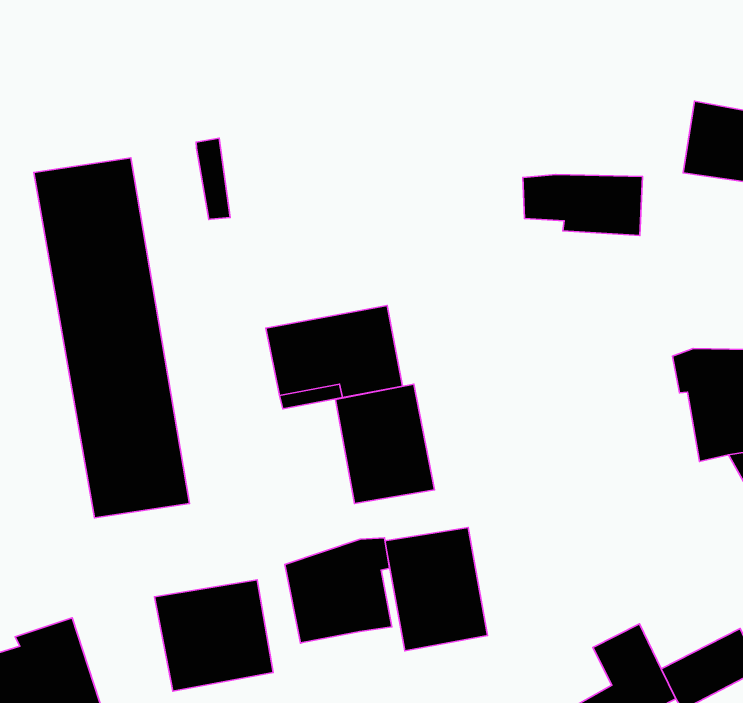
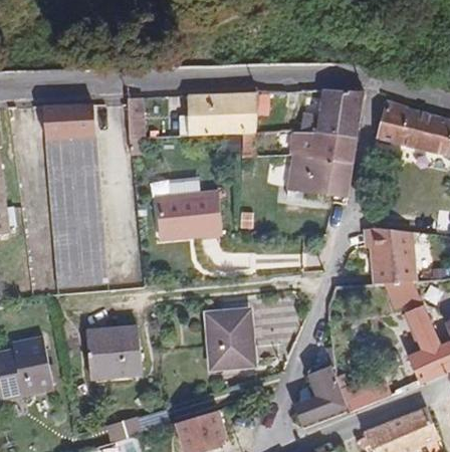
building: none -> [295,91,361,138]
building: none -> [187,91,258,136]
building: none -> [286,154,351,198]
building: [336,384,435,504] -> none
building: [285,538,392,643] -> none

